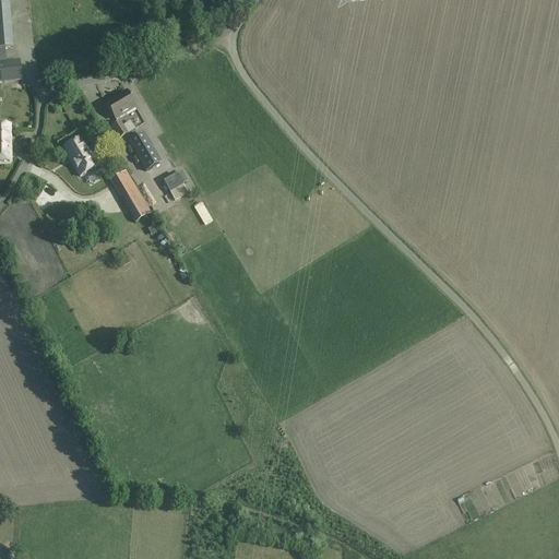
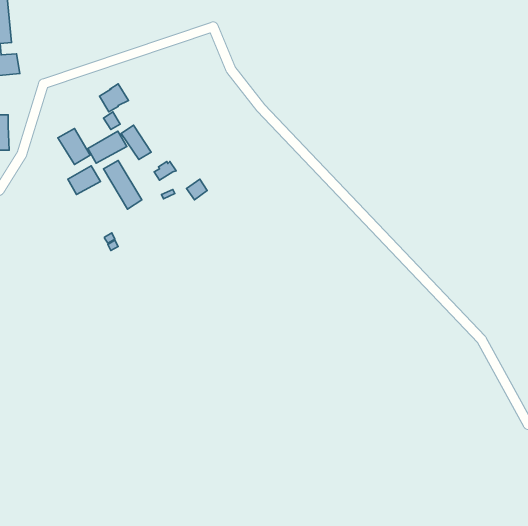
building: none -> [88,131,127,163]
building: none -> [68,166,101,195]

